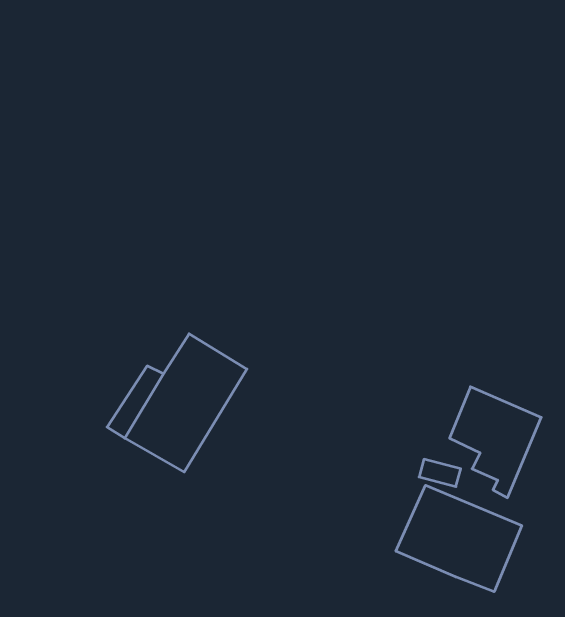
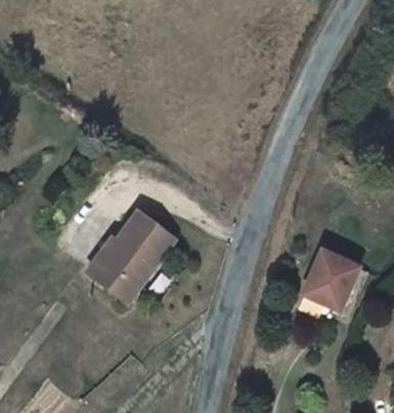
building: [396,485,522,592] -> none

